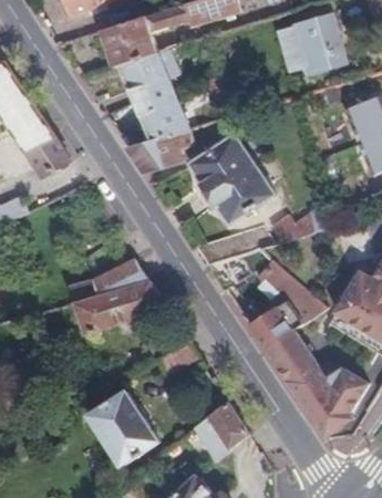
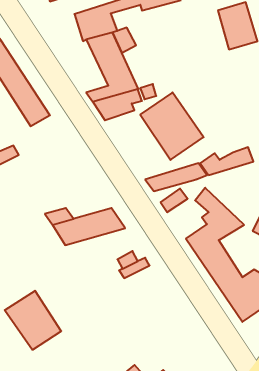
building: [89,262,148,298] -> none
building: [82,391,156,468] -> [5,291,61,350]
building: [193,403,249,461] -> none

